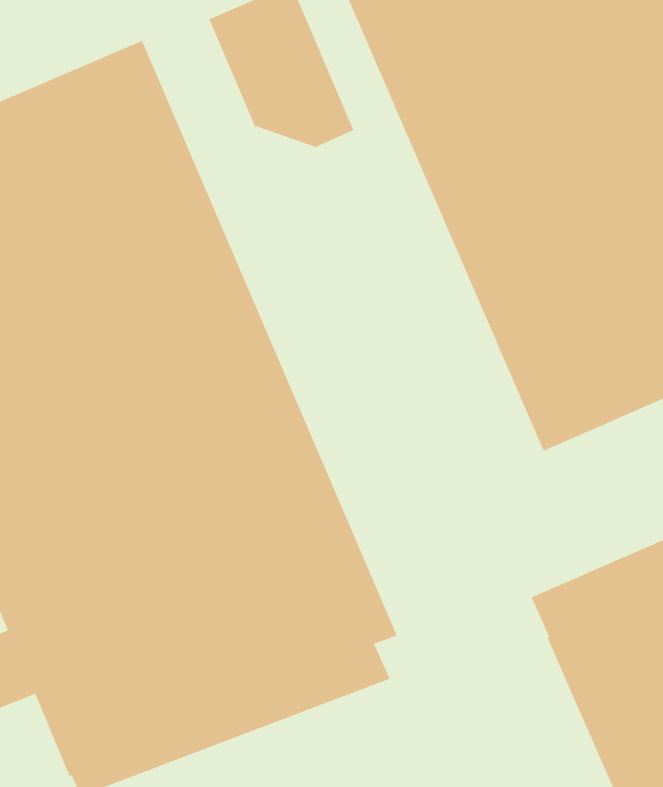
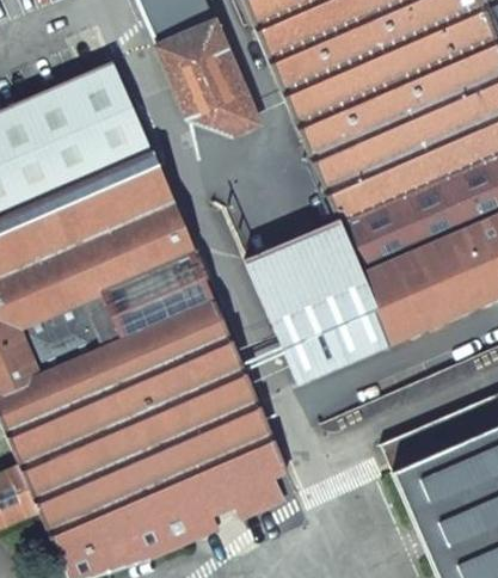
building: none -> [246,221,391,385]

